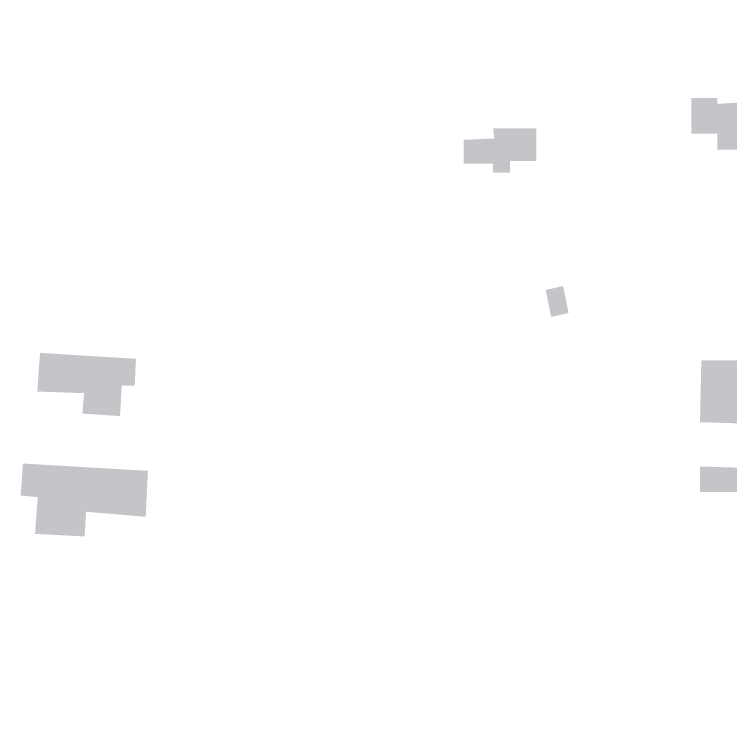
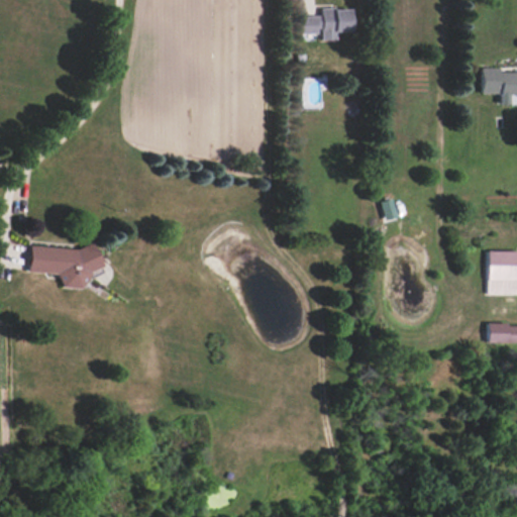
building: [463,128,537,173] -> [303,9,354,40]
building: [20,463,148,537] -> none

